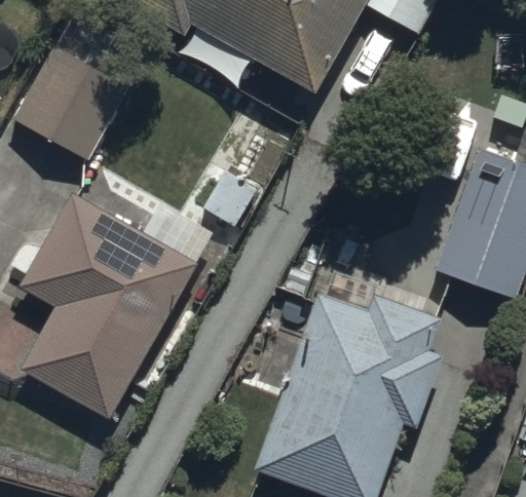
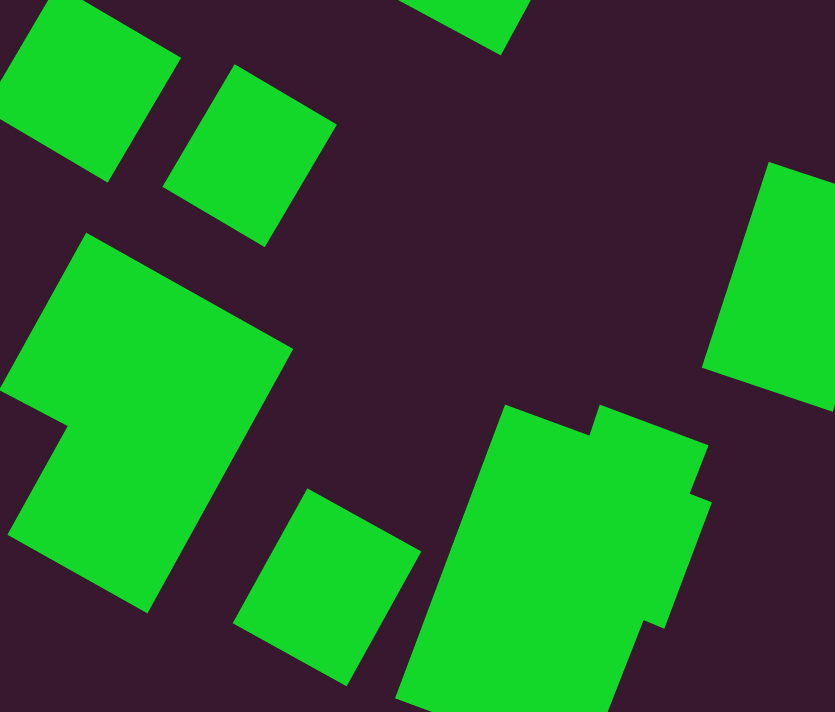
building: none -> [161,63,338,248]
building: none -> [232,488,422,687]

